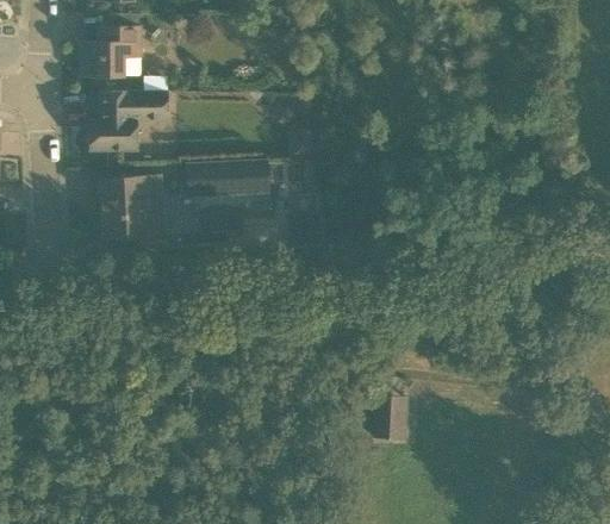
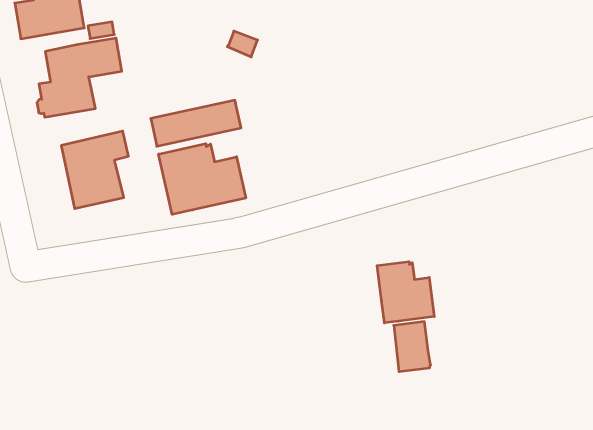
building: none -> [159,144,246,214]
building: none -> [377,262,434,323]

